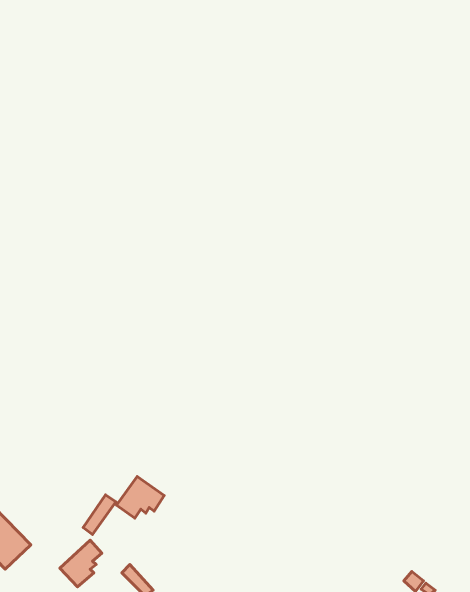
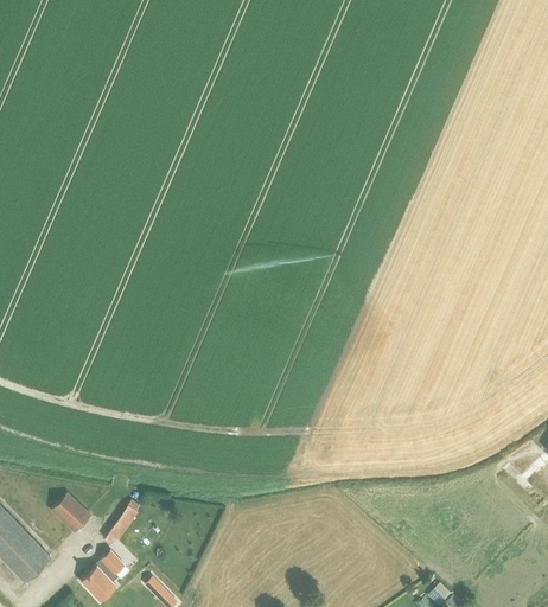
building: [117,476,164,518] -> none
building: none -> [51,493,91,532]

